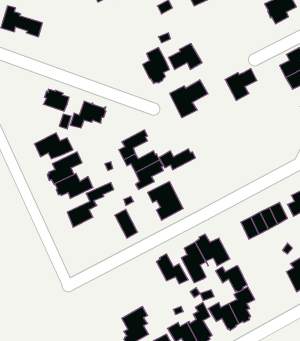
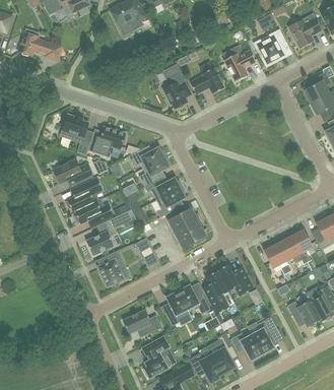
building: none -> [259,28,287,64]
building: [225,69,257,100] -> [223,49,256,81]
building: [170,80,208,118] -> none
building: [159,149,195,170] -> [128,146,165,168]
building: none -> [97,250,124,286]
building: none -> [164,290,188,325]
building: [216,266,247,292] -> [287,300,320,326]
building: none -> [123,310,162,333]

